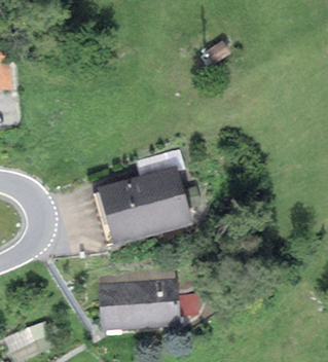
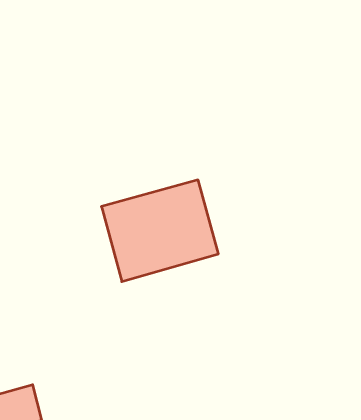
building: [99,278,181,329] -> none

